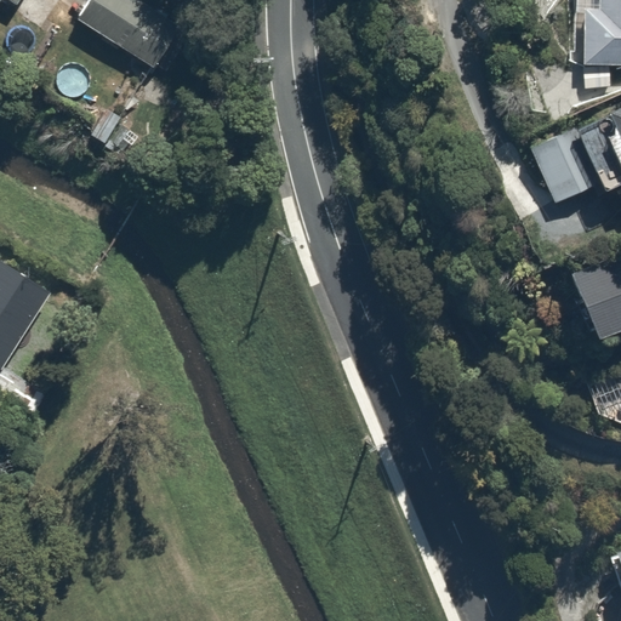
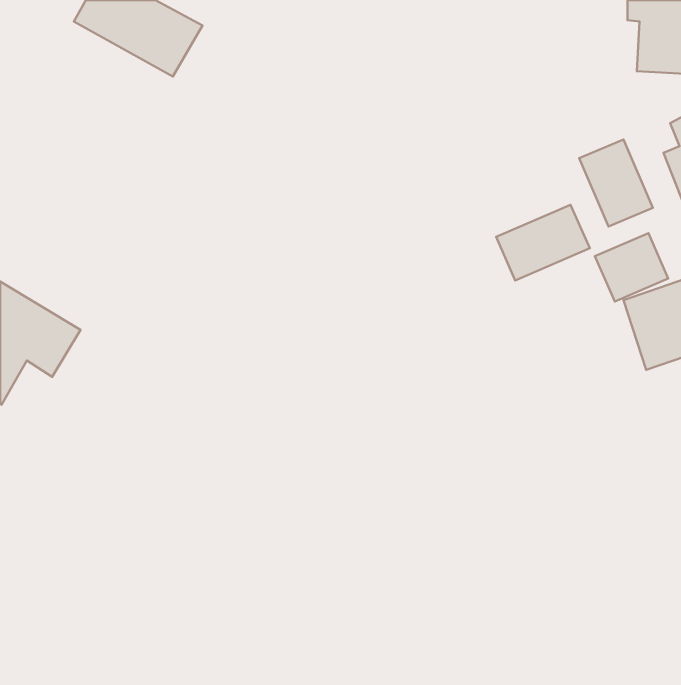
building: none -> [496,205,590,280]
building: none -> [595,233,668,302]

